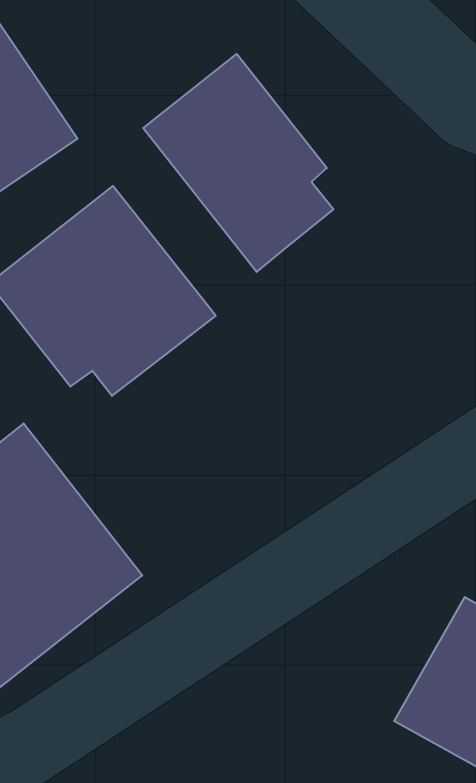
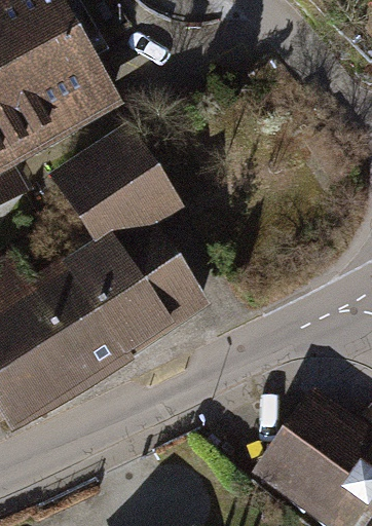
building: [143,54,333,272] -> none
building: none -> [60,228,206,363]

